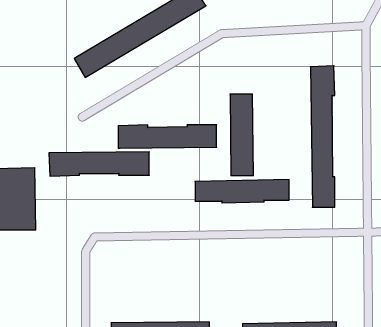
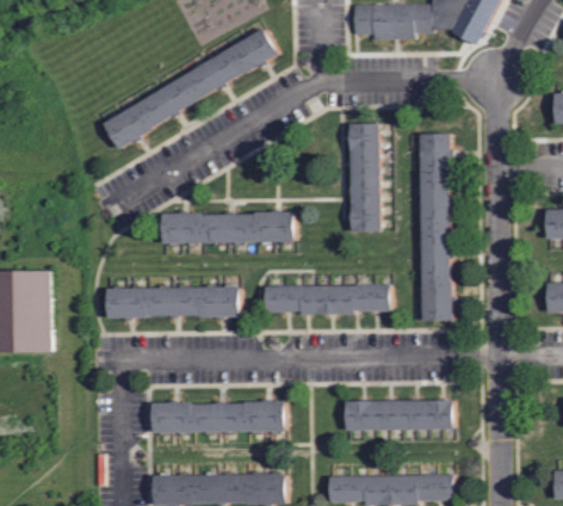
building: [230,94,253,176] -> [349,123,381,232]
building: [49,152,149,176] -> [106,286,240,319]
building: none -> [345,400,453,430]
building: none -> [151,401,284,432]

